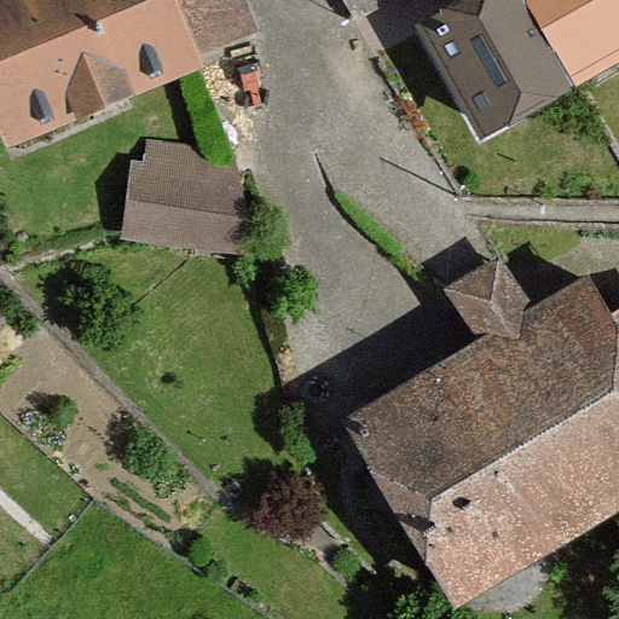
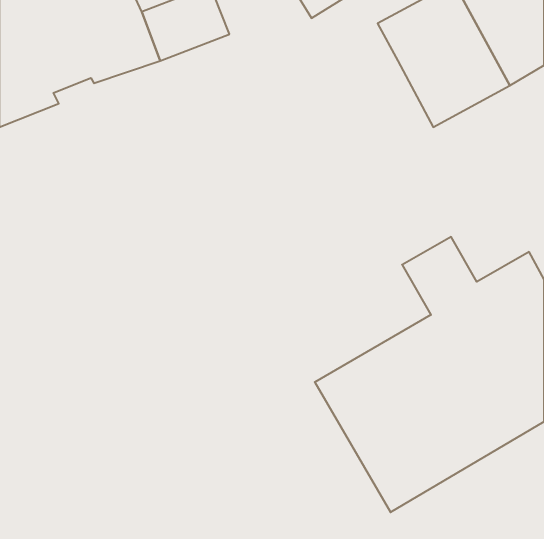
building: [115,135,238,255] -> none

